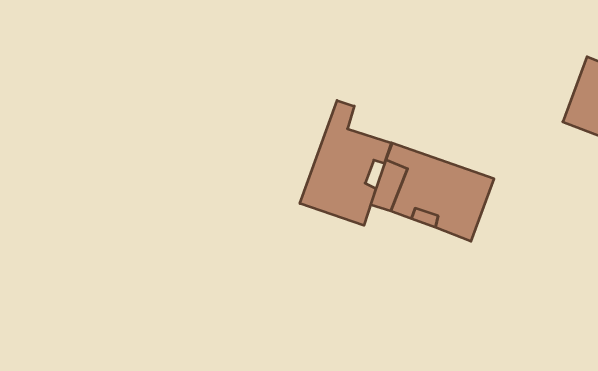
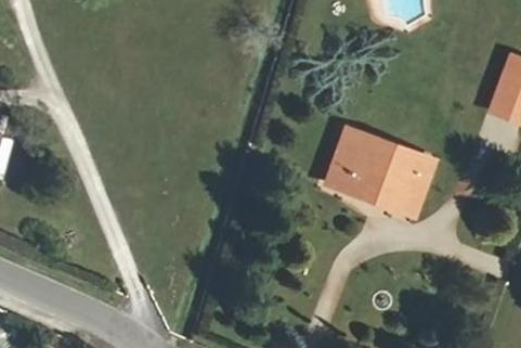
building: [300,100,391,225] -> none

